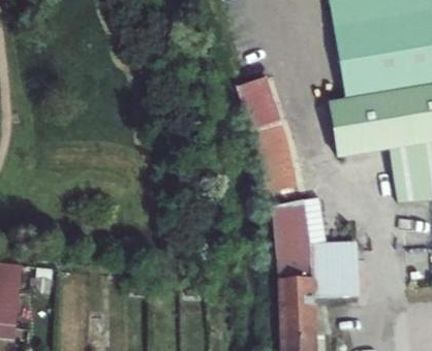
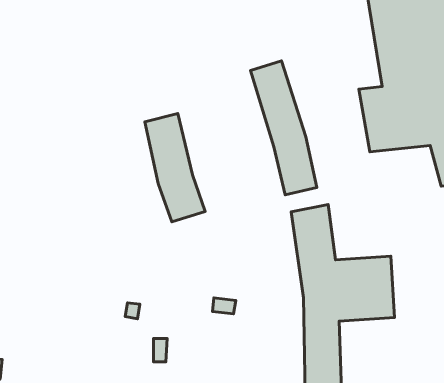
building: none -> [145,114,205,222]

